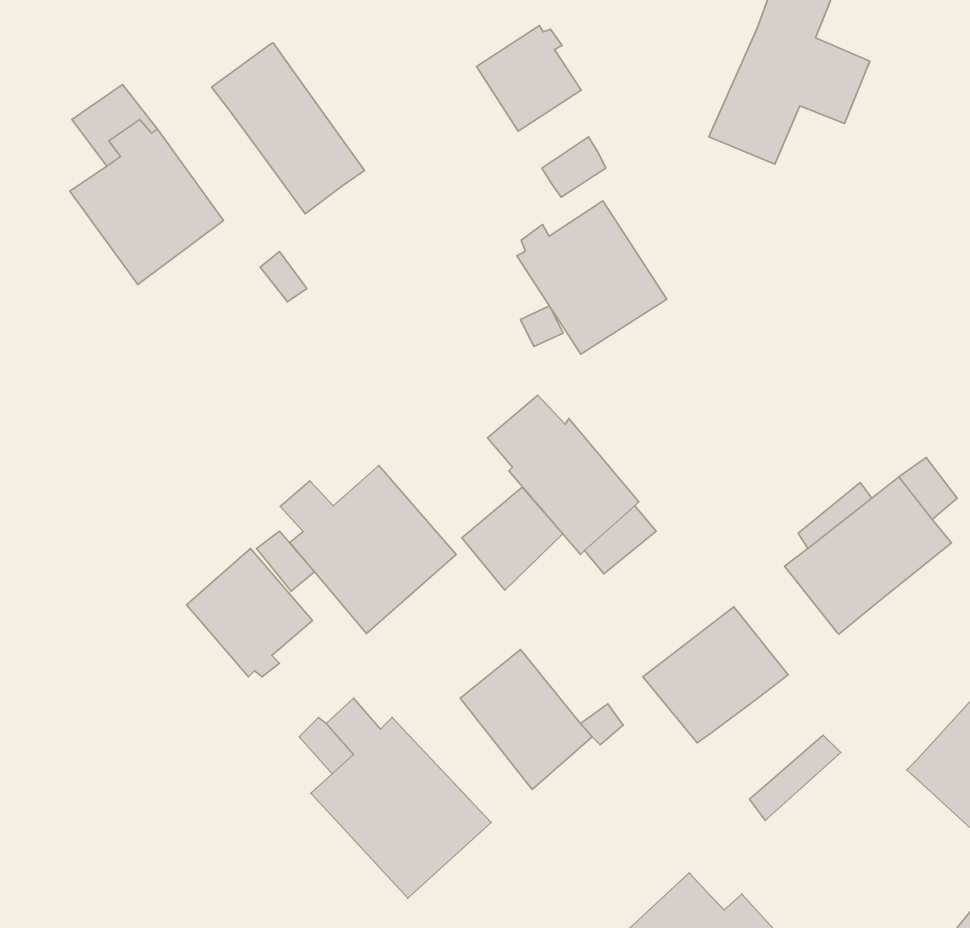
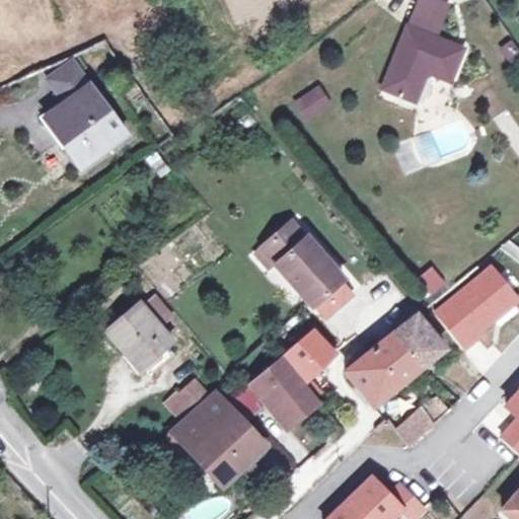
building: [477,25,581,131] -> none
building: [212,43,365,214] -> none
building: [517,201,667,354] -> none
building: [280,465,456,633] -> none
building: [462,487,563,590] -> [282,330,335,384]
building: none -> [393,317,443,370]

